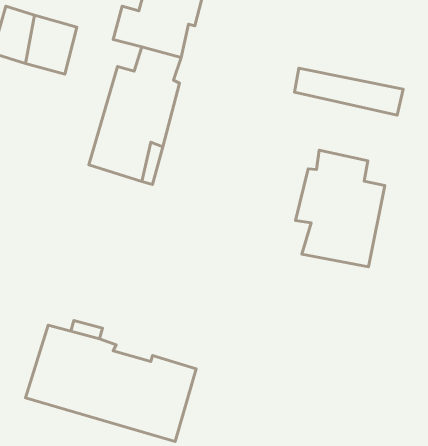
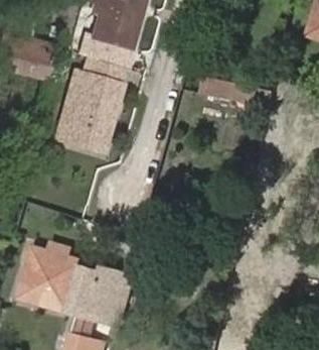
building: [295,150,385,267] -> none

